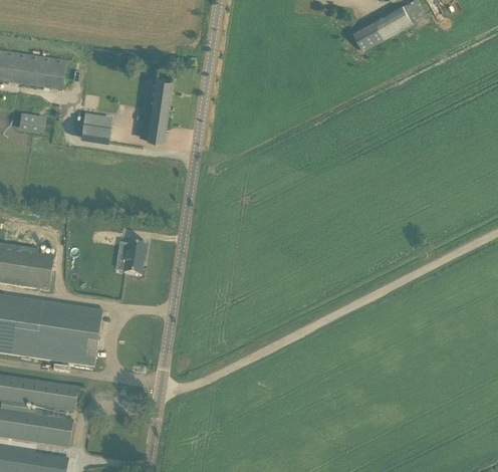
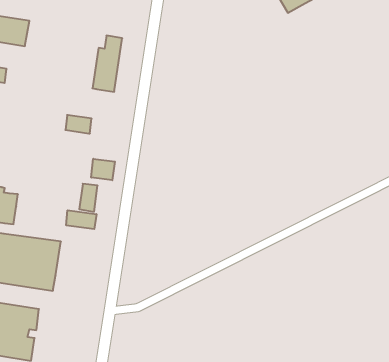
building: [80,119,110,140] -> [65,115,92,133]
building: none -> [91,159,115,180]
building: none -> [66,210,96,229]

